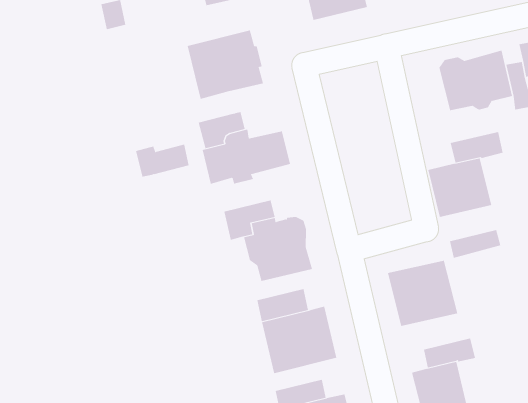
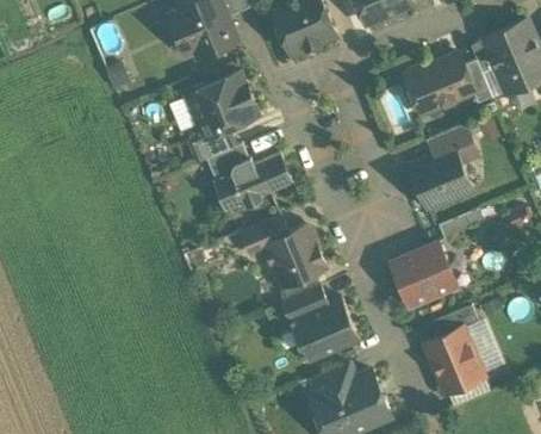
building: [135,144,190,177] -> [187,128,236,162]

